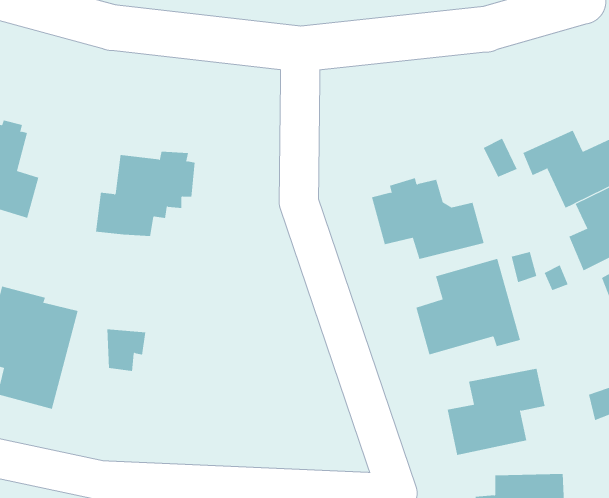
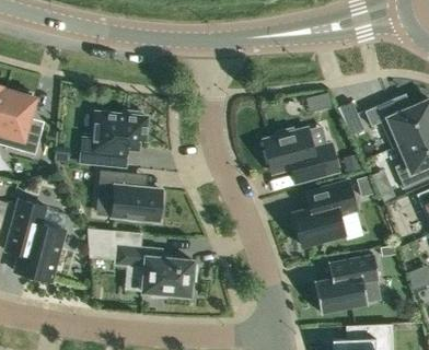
building: none -> [97,170,162,221]
building: none -> [116,245,197,298]

